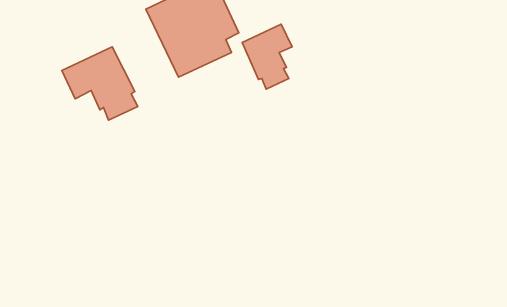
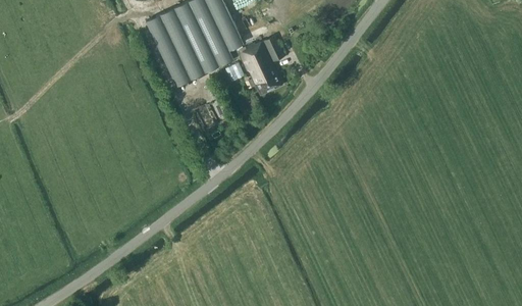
building: [62,47,138,120] -> none

